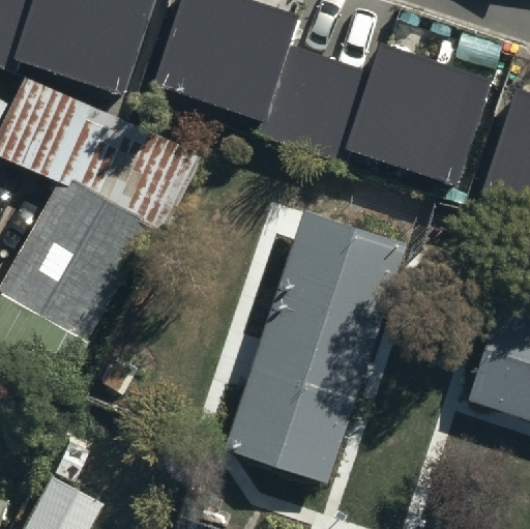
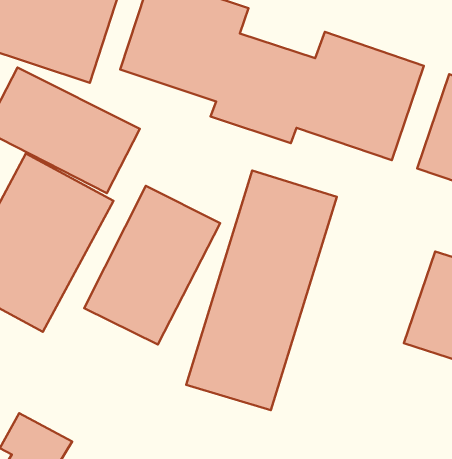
building: none -> [84,186,220,345]

